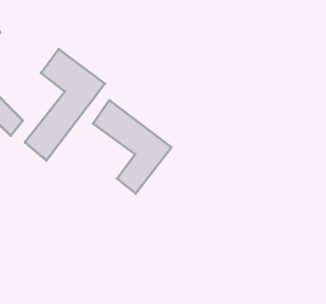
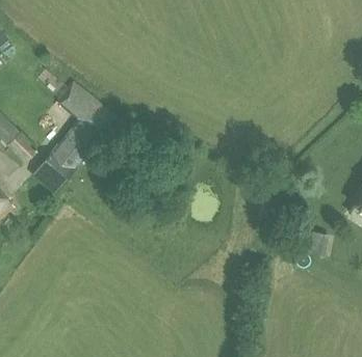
building: [93,100,171,194] -> none

